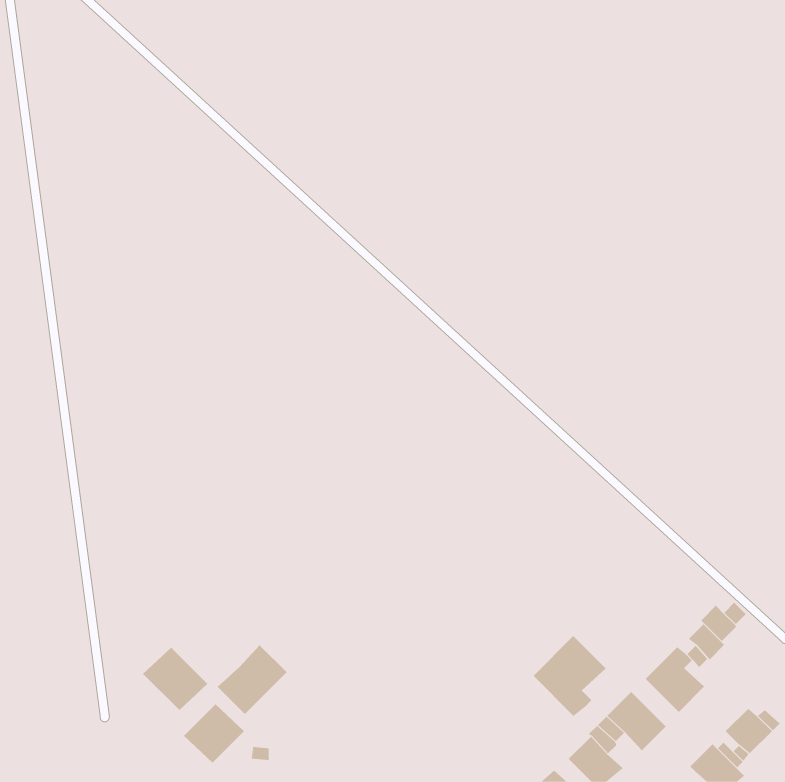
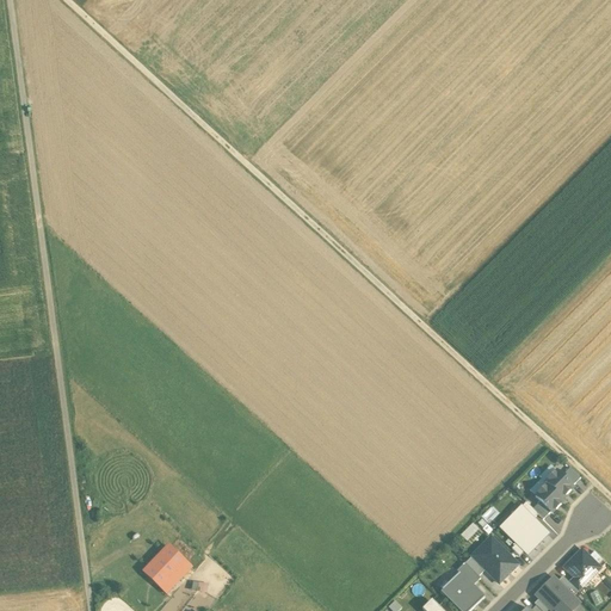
building: [533,635,606,717] -> none
building: [217,644,287,715] -> none
building: [142,647,208,711] -> none

